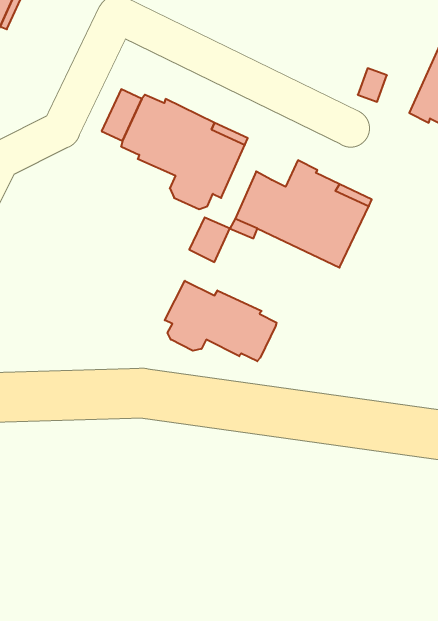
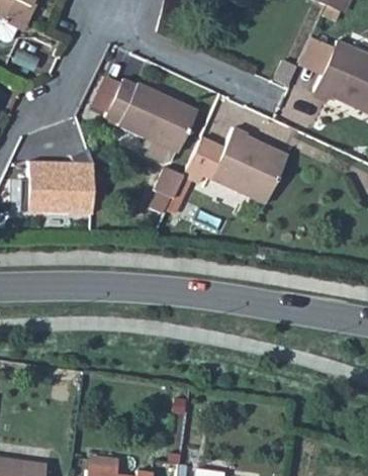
building: none -> [23,148,96,212]
building: [165,281,277,361] -> none

